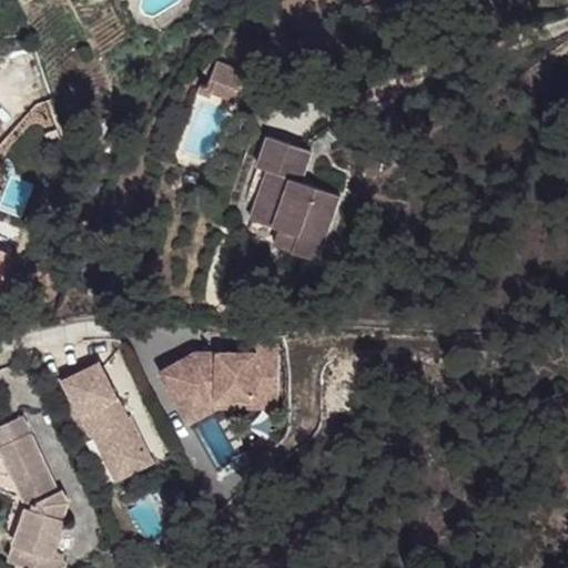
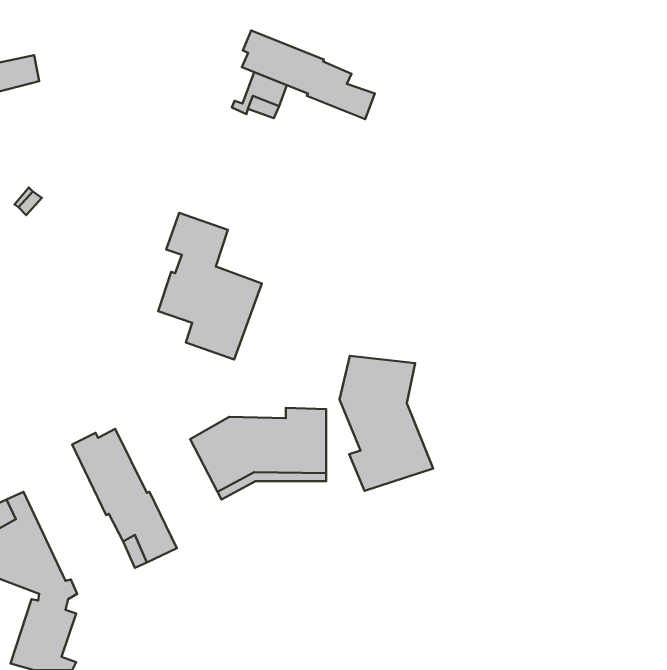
building: none -> [242,31,375,119]
building: [251,135,338,260] -> [158,213,262,360]
building: none -> [340,356,433,491]

